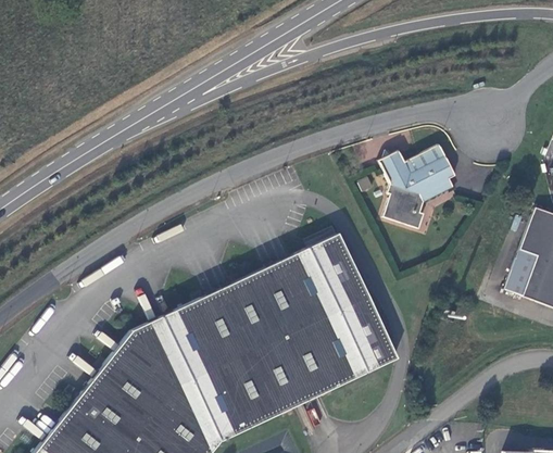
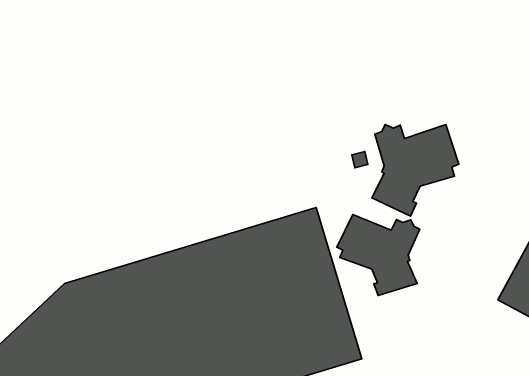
building: none -> [337,215,420,295]

